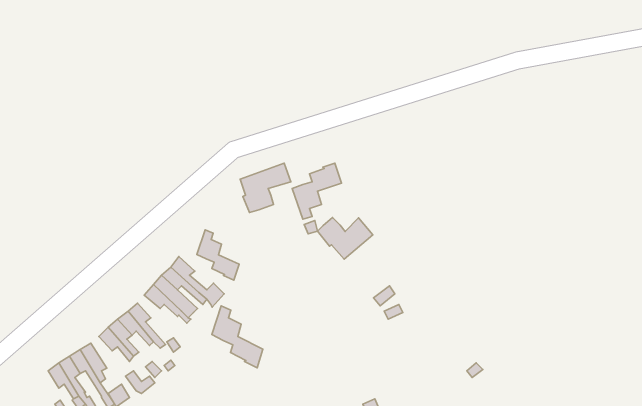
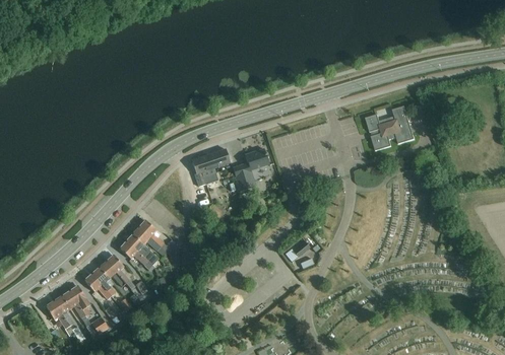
building: none -> [365,105,415,150]
building: [318,217,373,259] -> none
building: [197,230,239,280] -> none
building: [212,306,263,368] -> none

